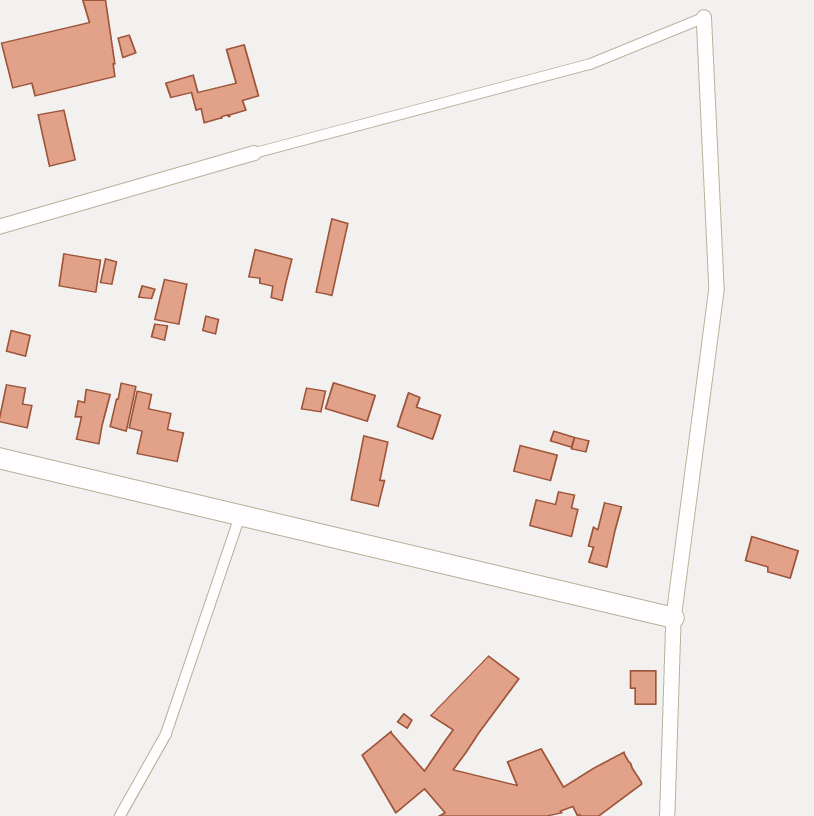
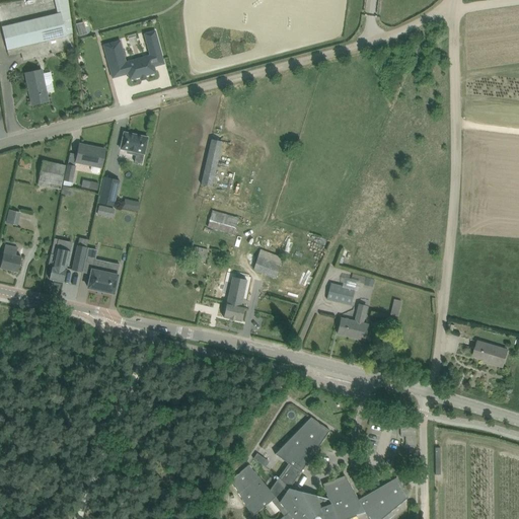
building: none -> [75,144,104,166]
building: [249,250,292,301] -> [120,132,147,164]
building: [326,383,375,421] -> [207,210,238,234]
building: [589,503,621,567] -> none

